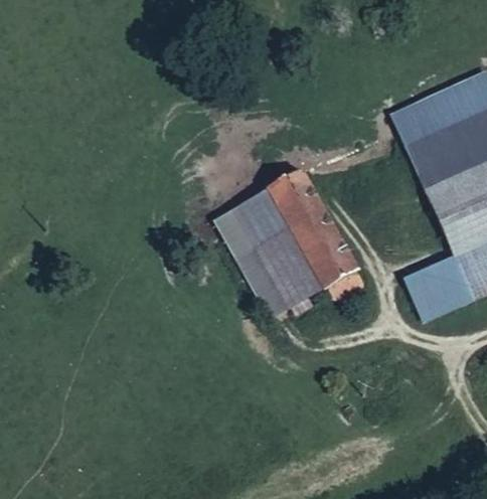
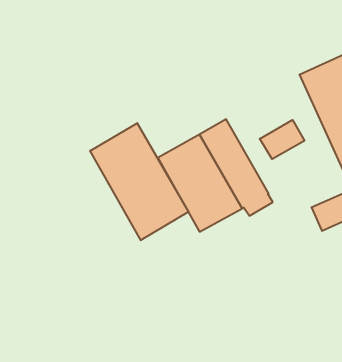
building: none -> [260,120,304,159]
building: none -> [90,123,188,240]

